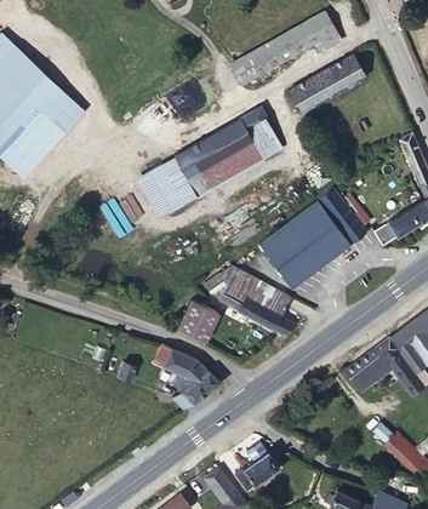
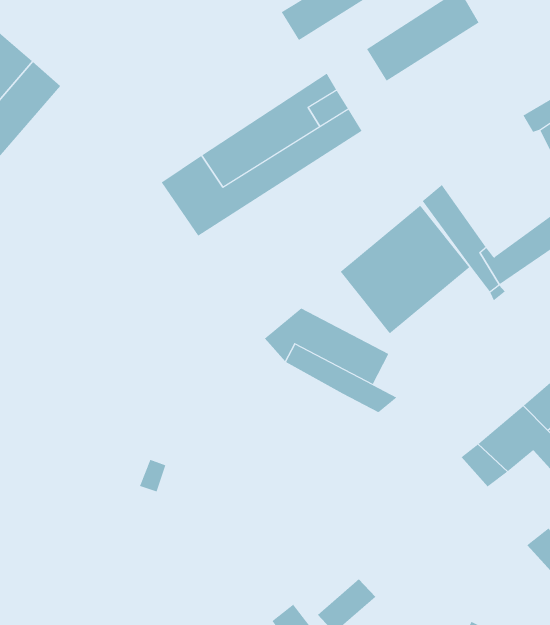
building: [176,302,217,343] -> none
building: [153,349,218,414] -> none

